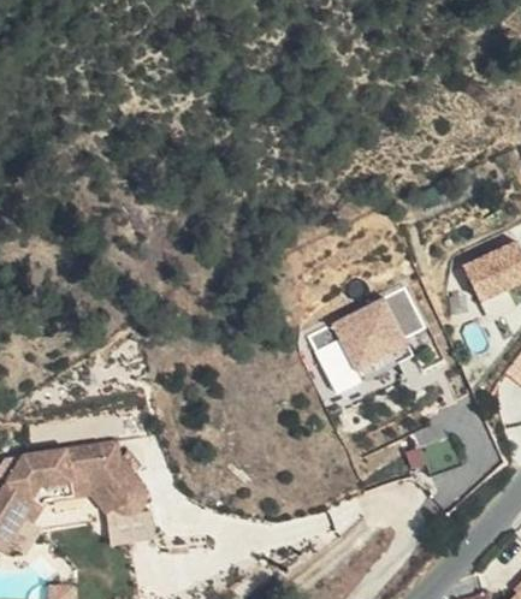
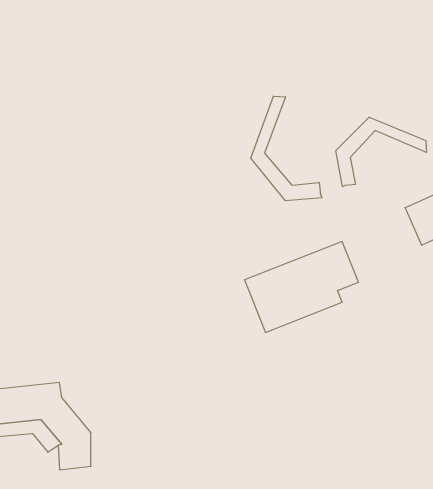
building: none -> [251,96,322,201]
building: none -> [336,117,427,187]

